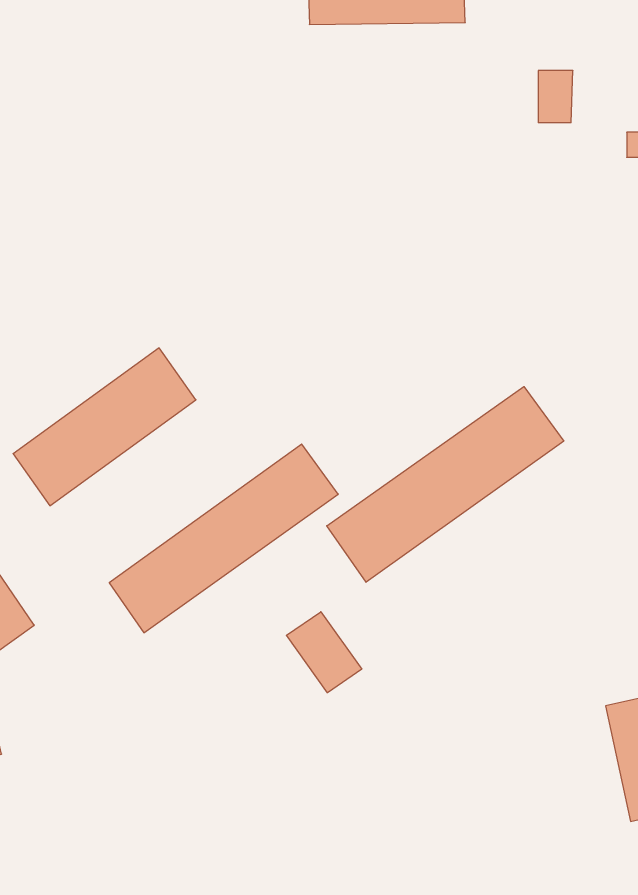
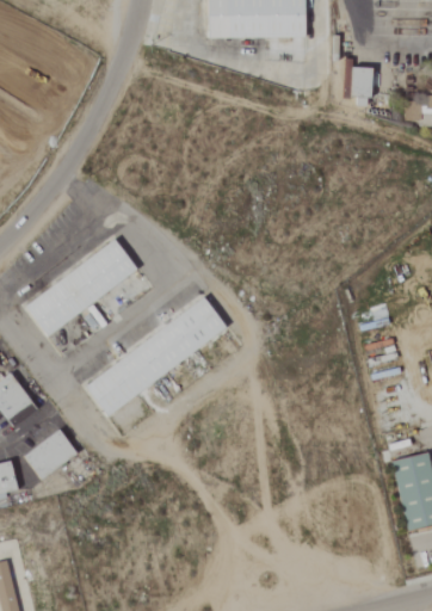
building: [327,387,564,582] -> none
building: [286,612,362,693] -> none
building: none -> [23,430,76,481]

